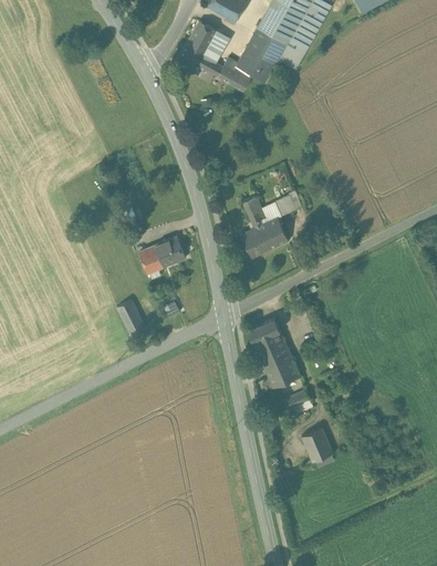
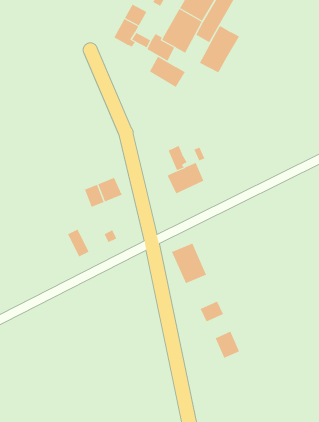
building: none -> [199,25,240,73]
building: none -> [149,56,185,88]
building: [259,357,300,390] -> none

